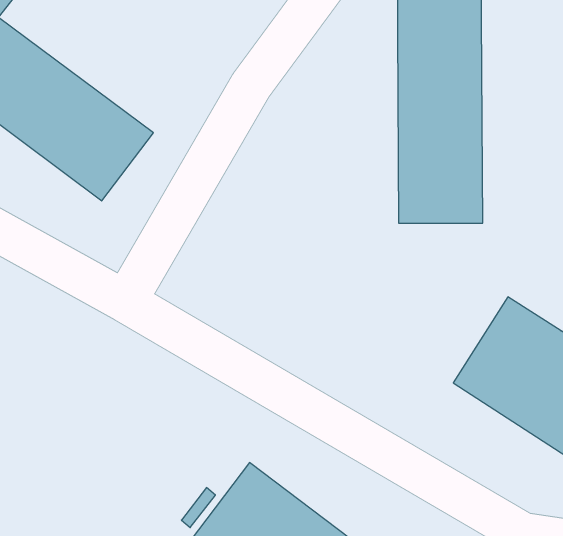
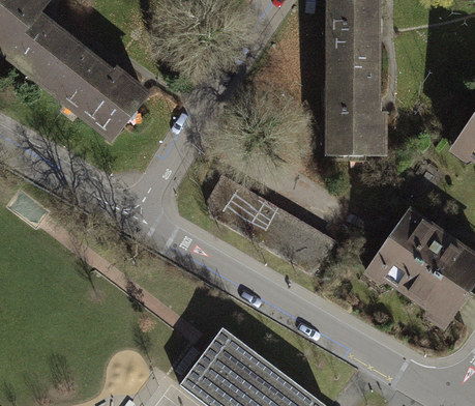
building: none -> [204,173,338,270]

